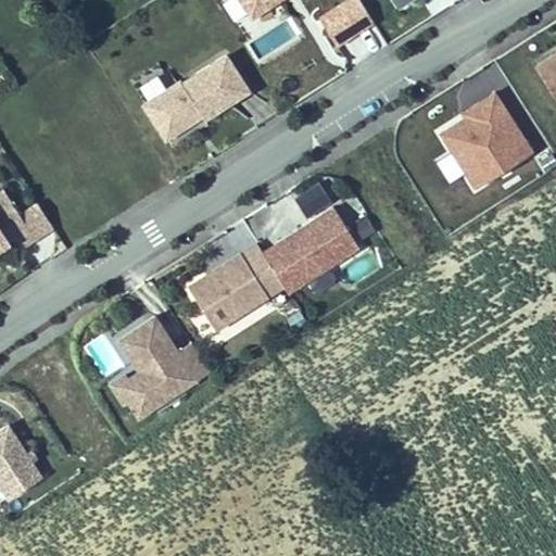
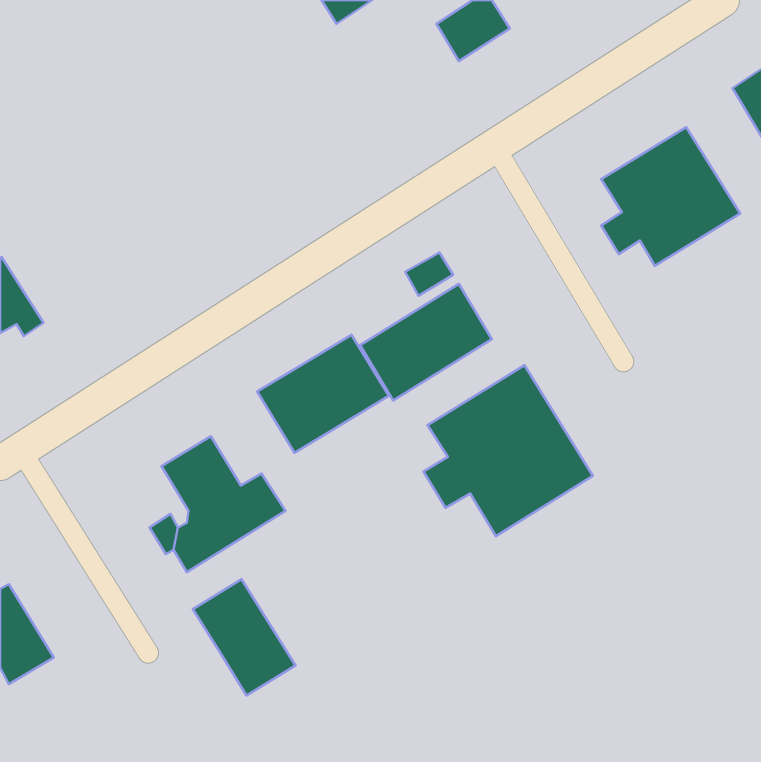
building: [140,54,243,136] -> none
building: none -> [423,365,593,536]
building: none -> [193,579,295,696]

